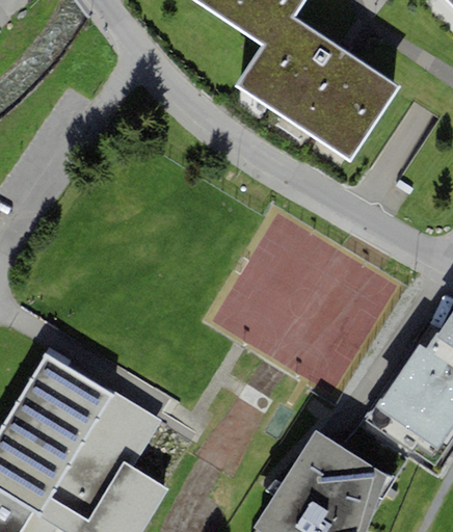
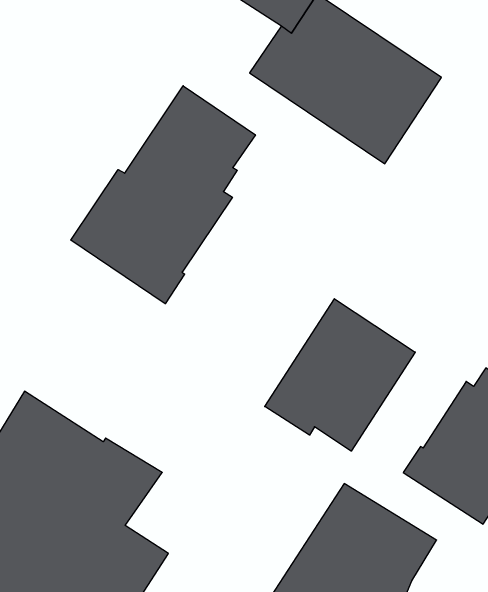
building: none -> [71,86,255,304]
building: none -> [265,299,415,451]

